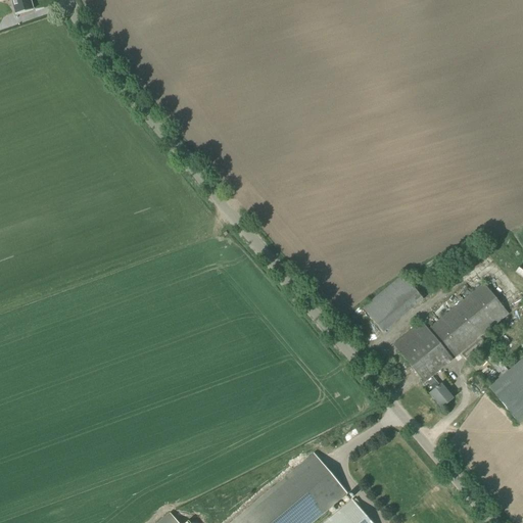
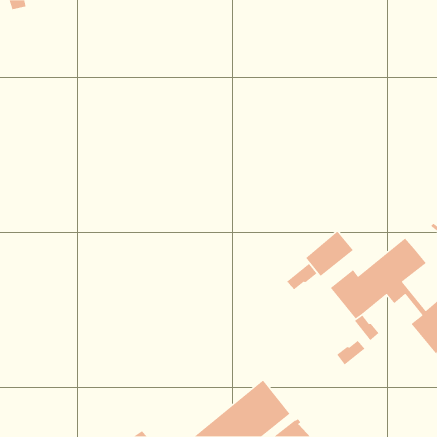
building: none -> [286,263,318,290]
building: none -> [336,340,366,365]

